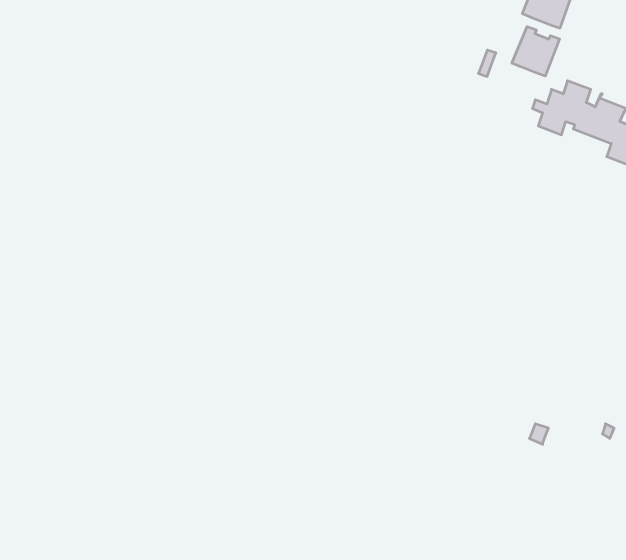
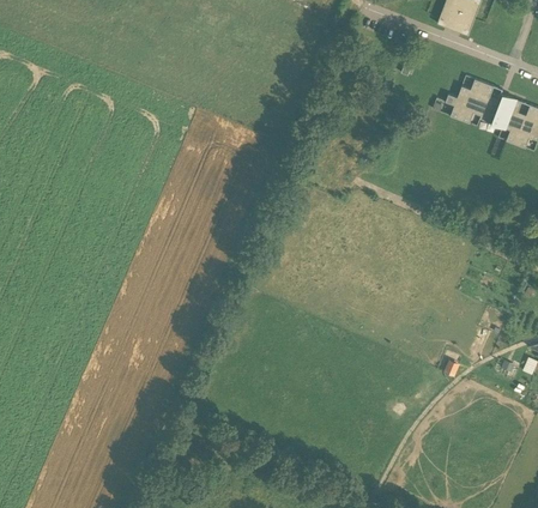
building: [512,27,560,76] -> none

